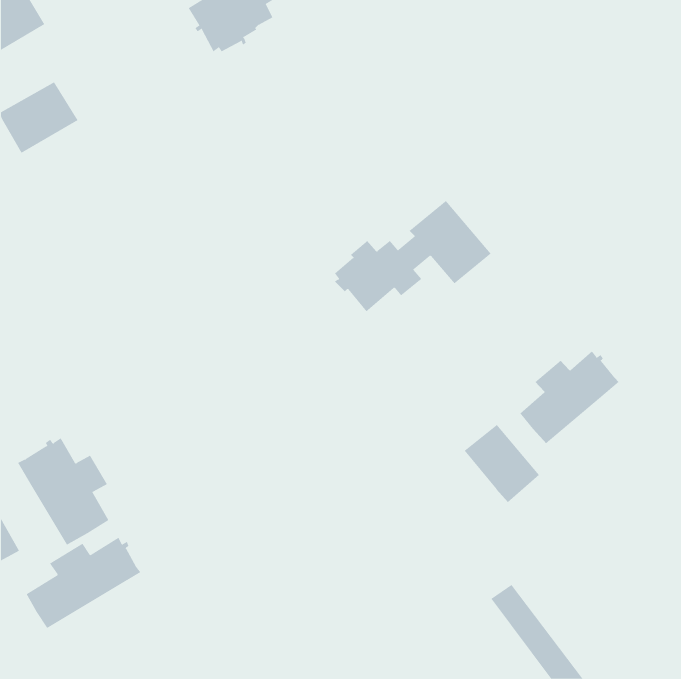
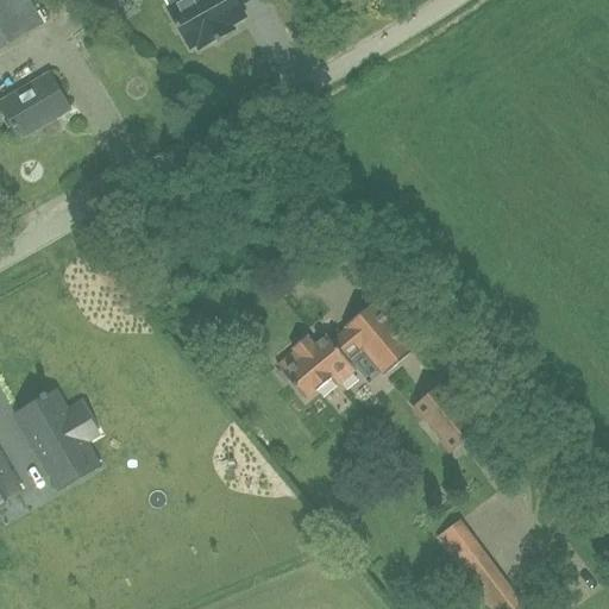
building: [334,200,491,312] -> [276,297,416,397]
building: [520,351,620,444] -> none
building: [26,537,141,629] -> none

